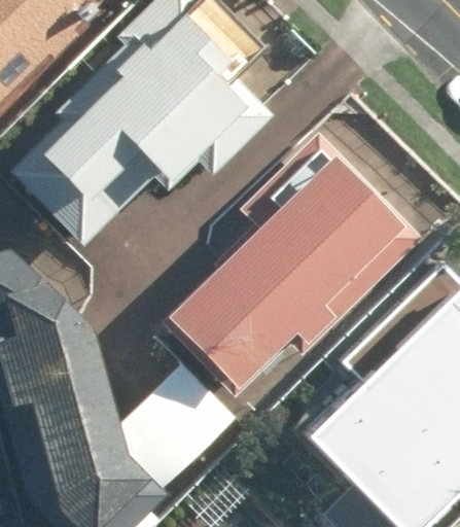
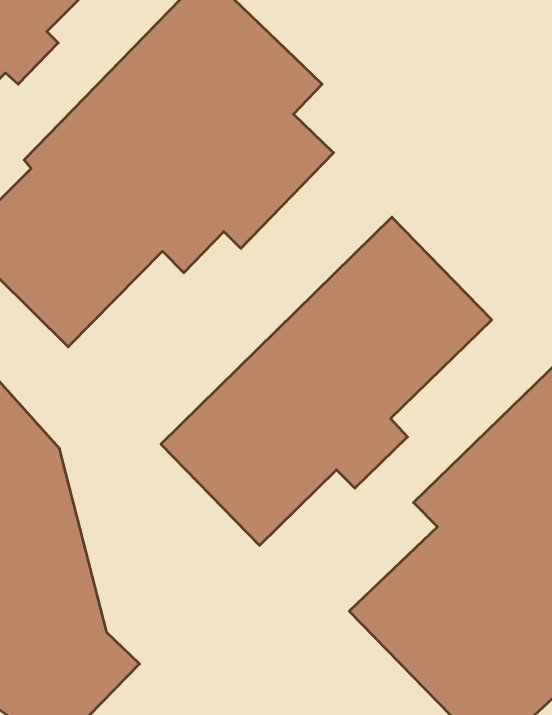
building: [119,362,239,492] -> none

